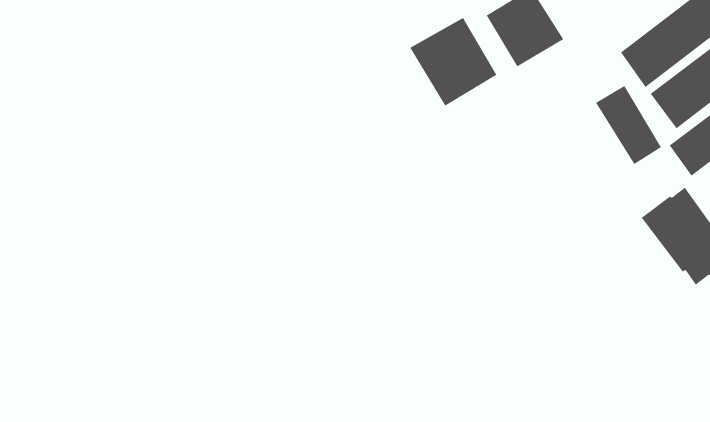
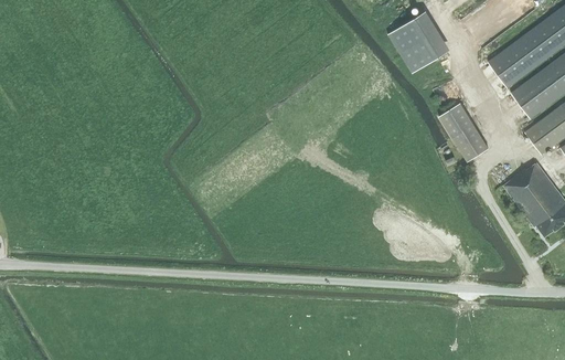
building: [409,17,497,106] -> none
building: [595,85,662,165] -> [439,103,489,162]

